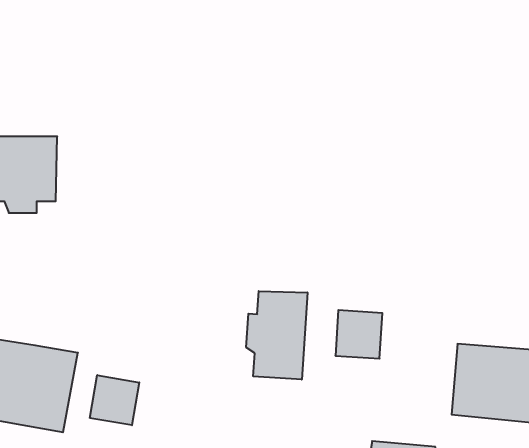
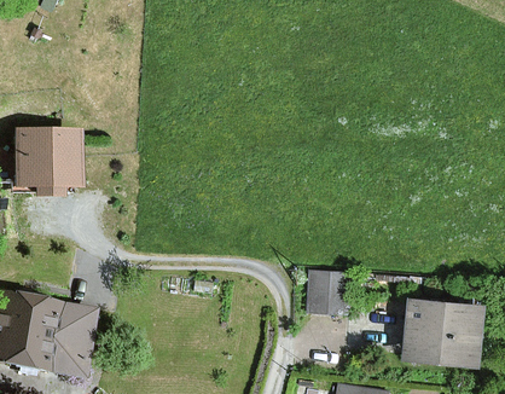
building: [246,291,307,380] -> none
building: [90,375,139,425] -> none

